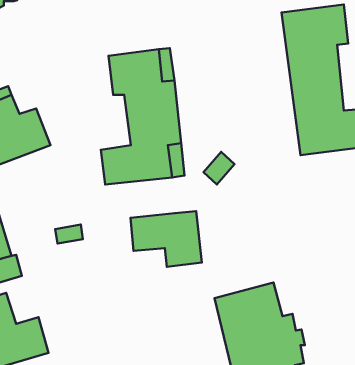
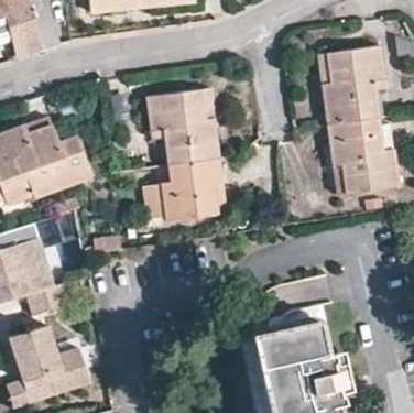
building: [131,211,202,267] -> none

